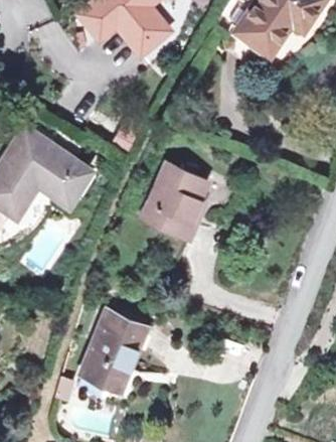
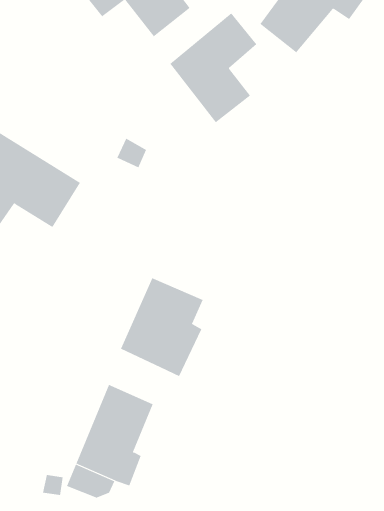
building: none -> [170,12,257,123]
building: [138,162,201,238] -> [120,277,203,377]

